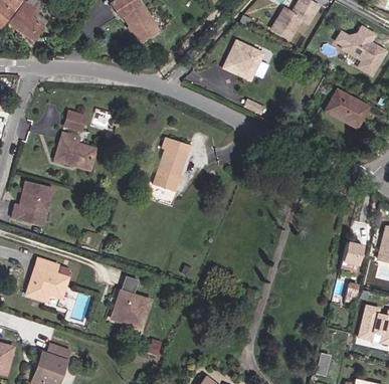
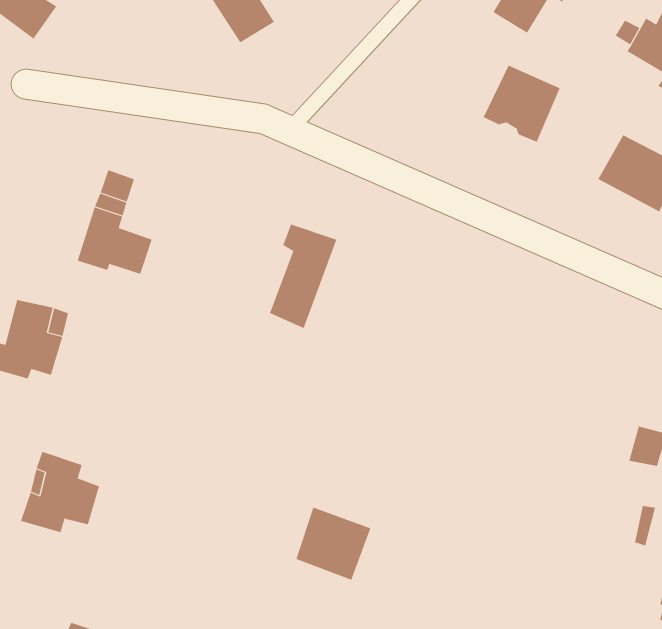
building: [223,44,263,84] -> [483,65,561,142]
building: [115,291,154,329] -> [296,507,371,581]

